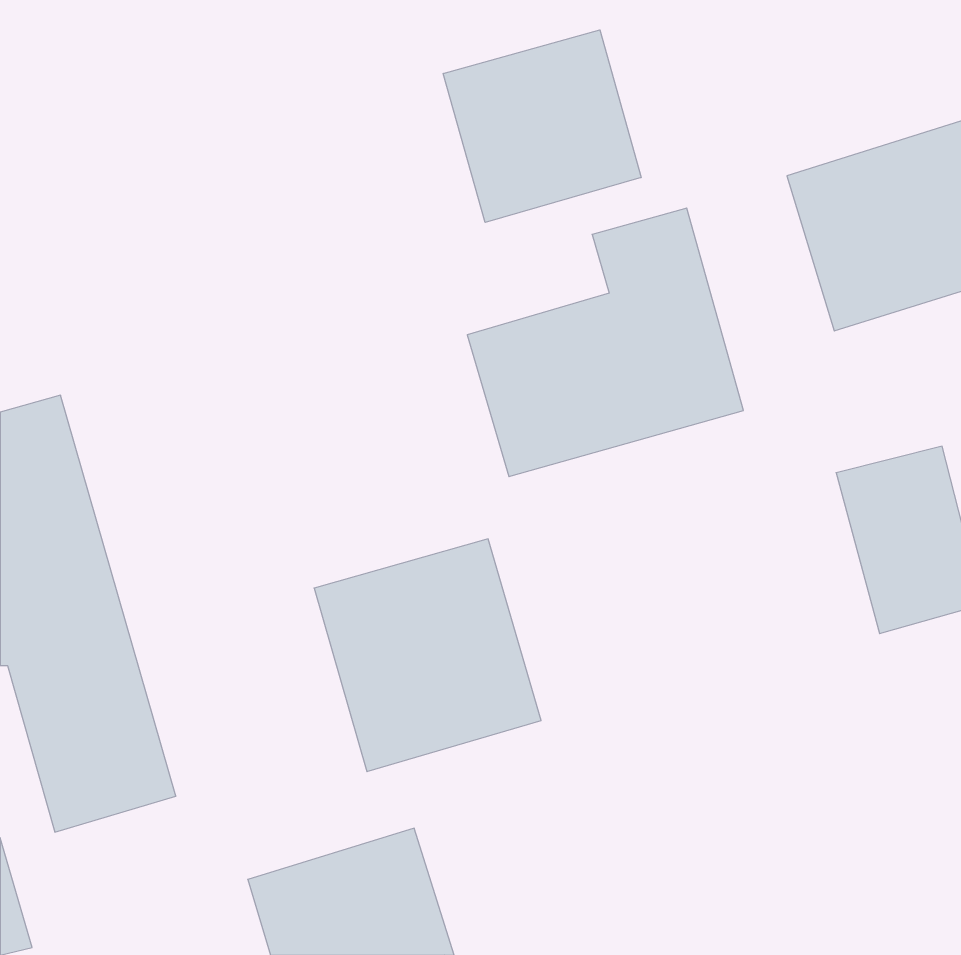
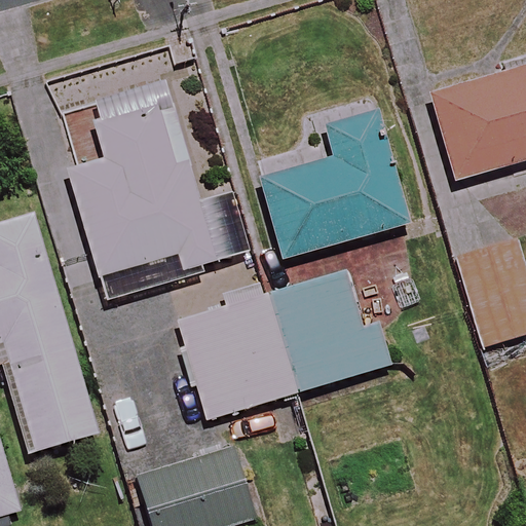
building: [443,30,641,222] -> none
building: none -> [68,95,247,299]
building: none -> [268,255,414,391]

